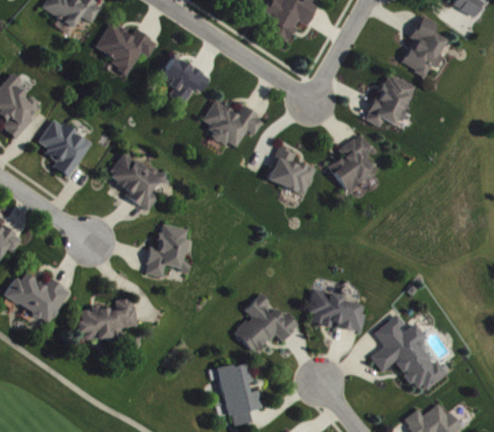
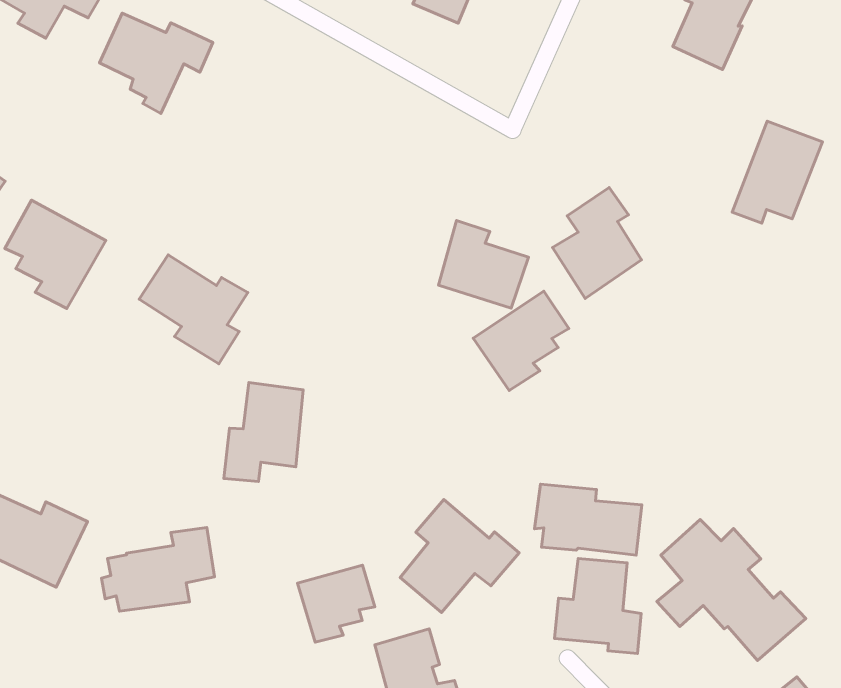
building: [158,56,210,105] -> none
building: [365,73,416,127] -> [732,121,822,223]
building: [199,100,264,148] -> none
building: none -> [473,291,569,390]
building: none -> [298,565,375,642]
building: none -> [555,558,641,654]

